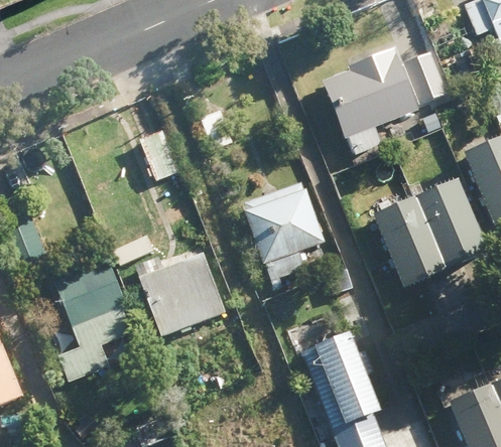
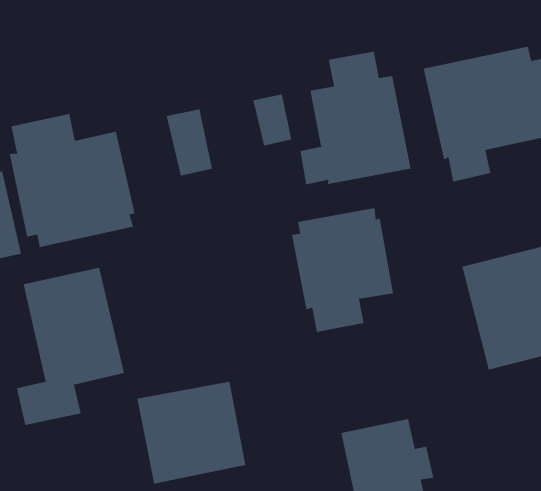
building: none -> [300,51,411,185]
building: none -> [9,113,135,248]
building: [138,253,226,336] -> [137,381,246,484]

